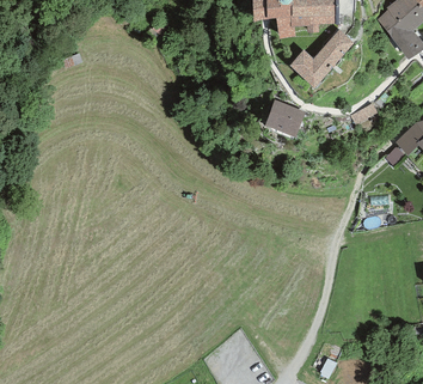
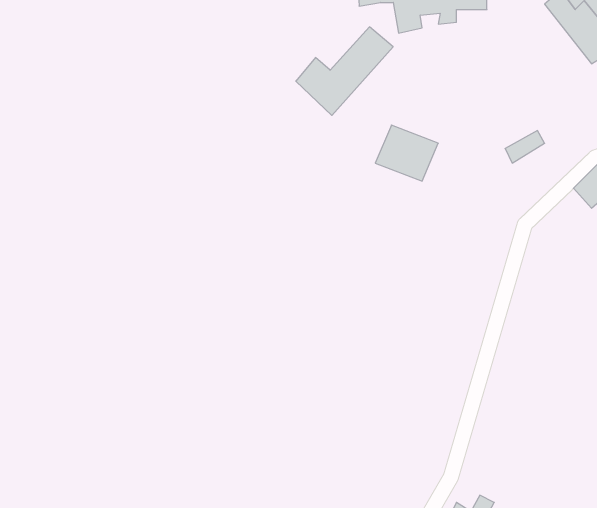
building: [289,29,354,87] -> [296,27,393,115]

